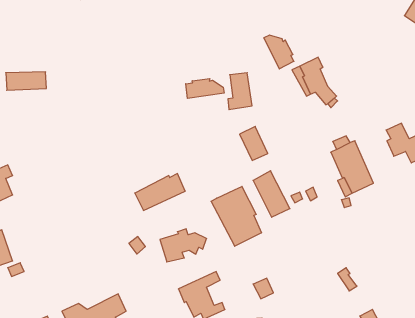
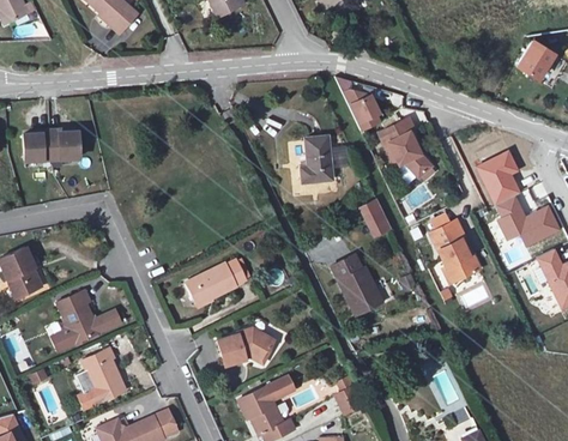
building: [186,79,224,98] -> none
building: none -> [476,150,520,204]
building: [240,126,268,160] -> [358,198,393,240]
building: [211,186,261,246] -> none
building: none -> [54,291,117,344]
building: none -> [79,349,125,409]

